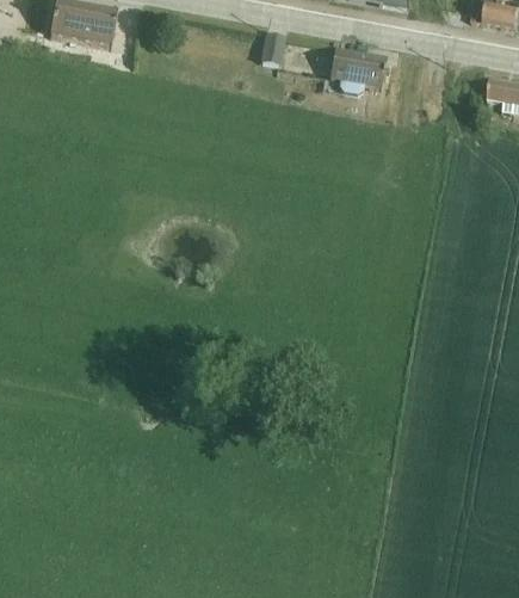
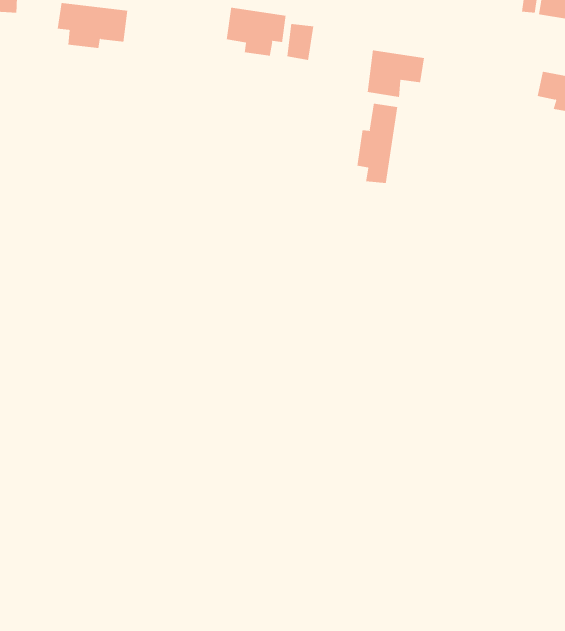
building: none -> [226,7,286,56]
building: none -> [357,103,398,184]

